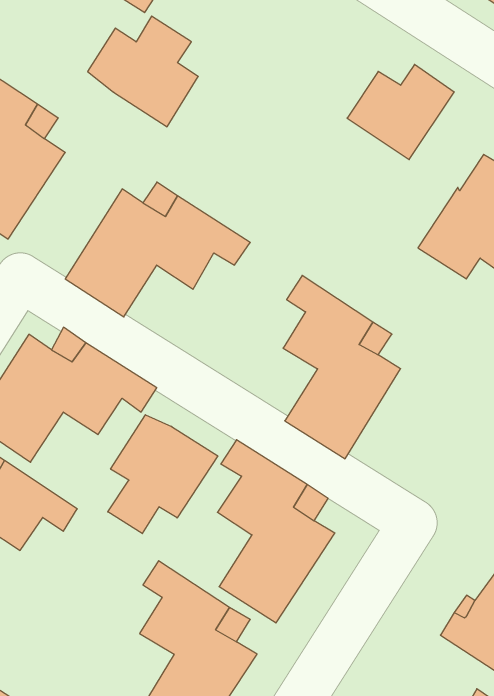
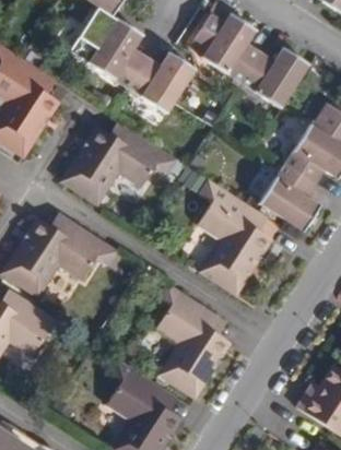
building: none -> [190,12,258,81]
building: none -> [125,50,193,111]
building: none -> [258,163,319,232]
building: [108,415,218,534] -> none

